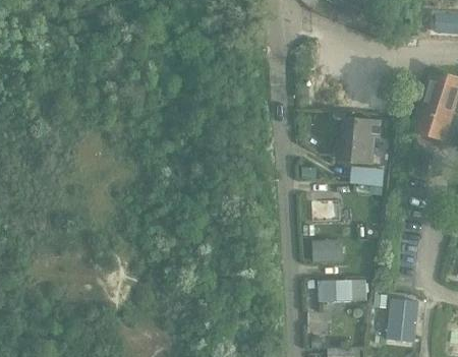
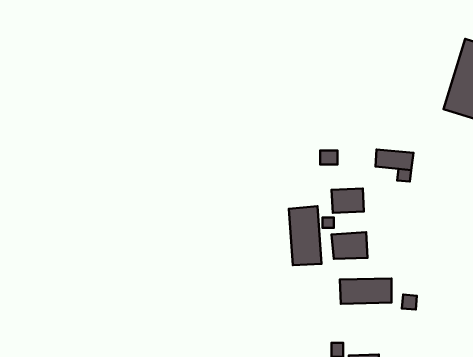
building: [339,113,381,163] -> none
building: none -> [289,206,321,265]
building: [392,301,419,337] -> none

